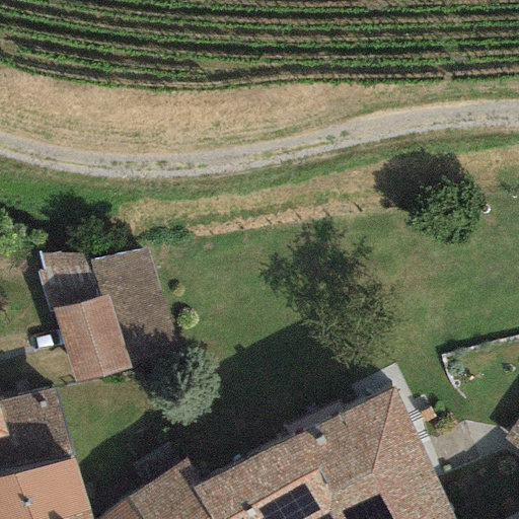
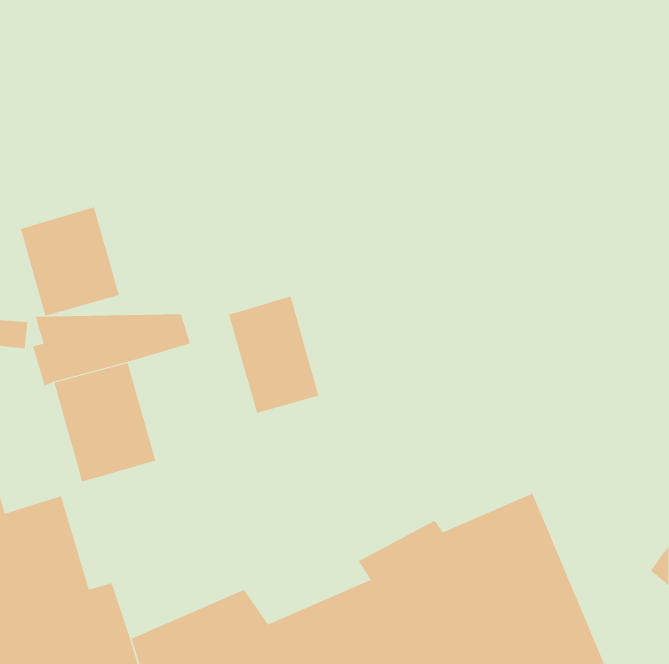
building: none -> [20,206,120,316]
building: [97,275,166,364] -> [228,296,319,413]

